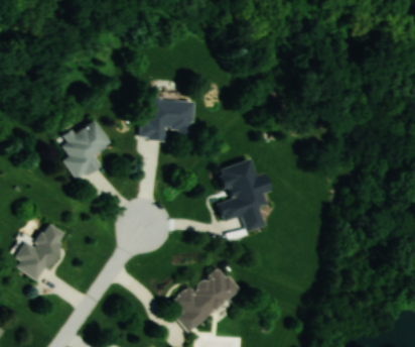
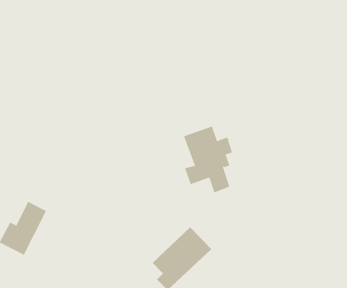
building: [140,98,194,139] -> none
building: [63,118,112,181] -> none

